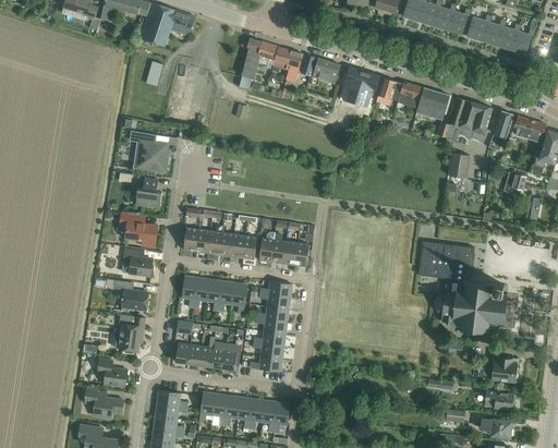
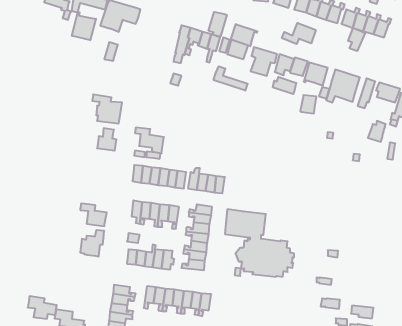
building: none -> [209,12,227,36]
building: none -> [72,12,96,40]
building: none -> [282,23,316,44]
building: none -> [231,24,257,46]
building: none -> [348,28,365,51]
building: none -> [214,66,248,91]
building: none -> [273,77,296,94]
building: [447,153,469,178] -> [300,95,316,113]
building: [119,214,158,249] -> [135,128,164,153]
building: [418,241,512,332] -> [225,209,294,277]
building: [122,247,153,276] -> none
building: [482,355,518,382] -> none
building: [97,360,126,386] -> none
building: [84,388,123,419] -> [28,296,57,319]
building: [484,390,515,410] -> none

